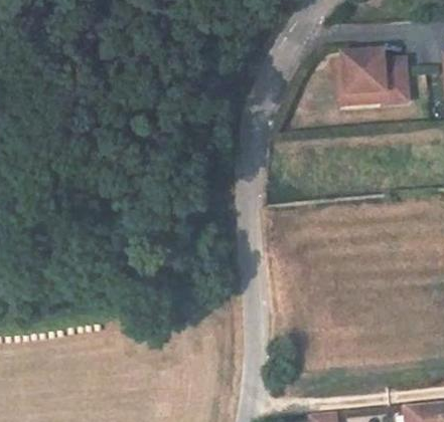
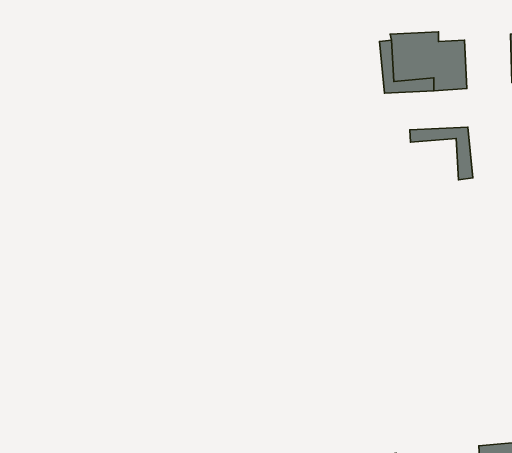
building: none -> [410,127,473,180]

